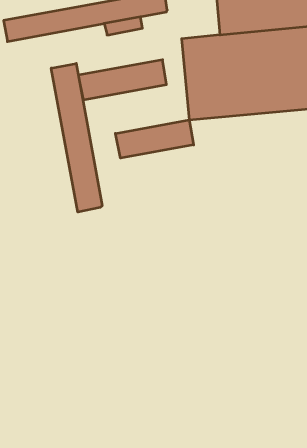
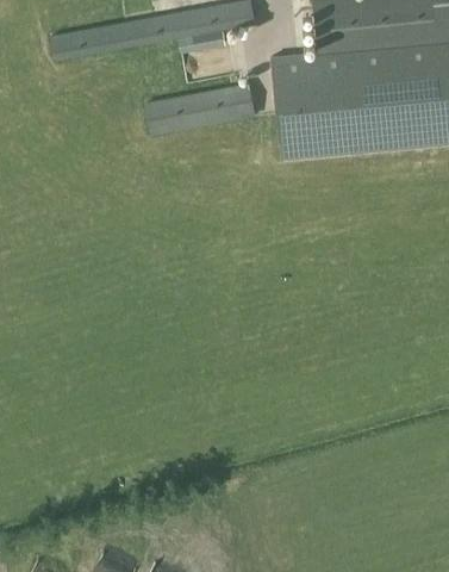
building: [51,63,102,212] -> none
building: [115,120,194,158] -> none

